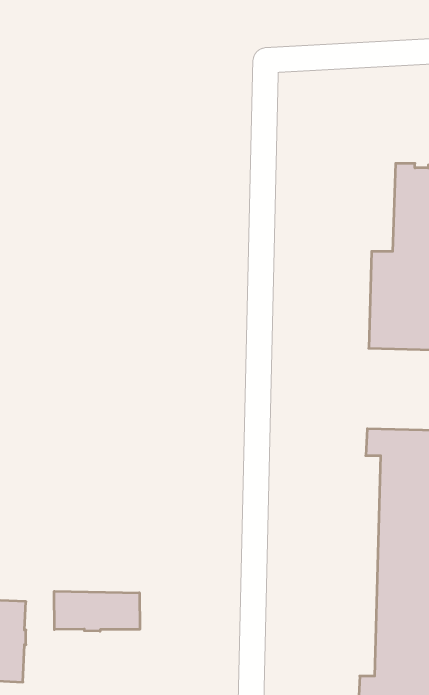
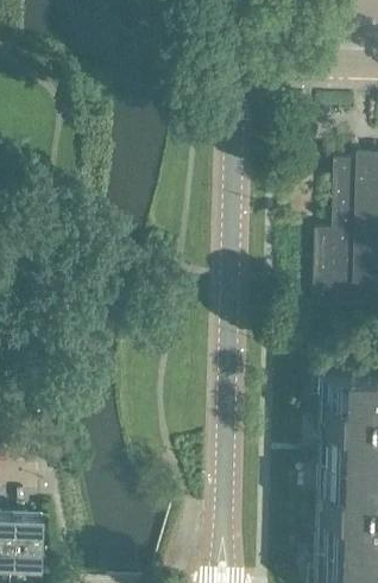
building: [54,591,140,631] -> none

